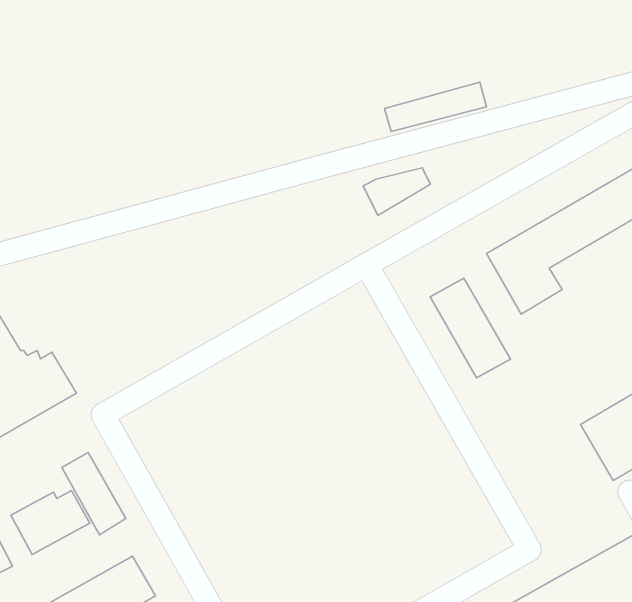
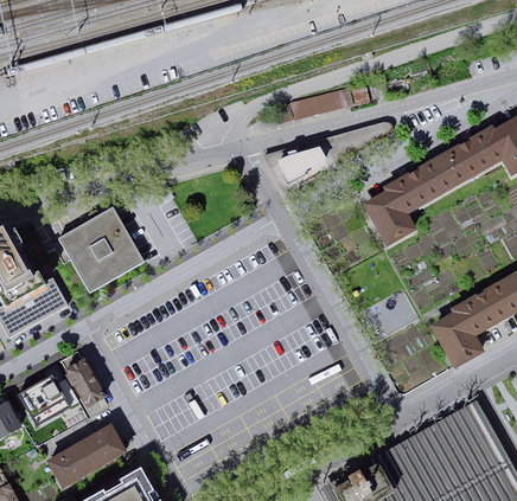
building: none -> [58,205,145,291]
building: [430,278,510,378] -> none

